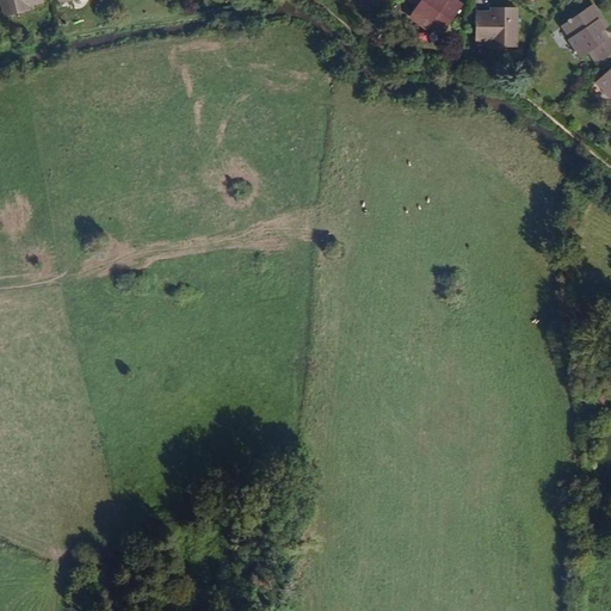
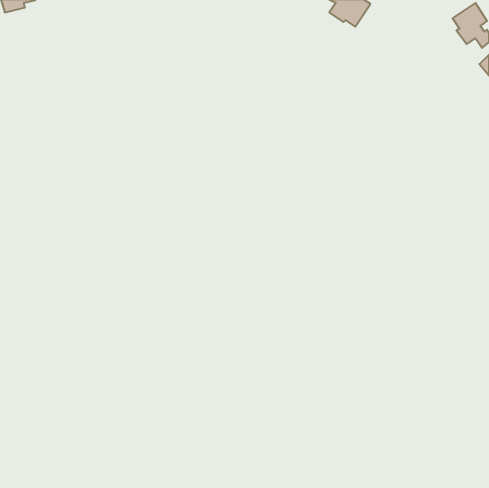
building: [476,7,518,45] -> none

